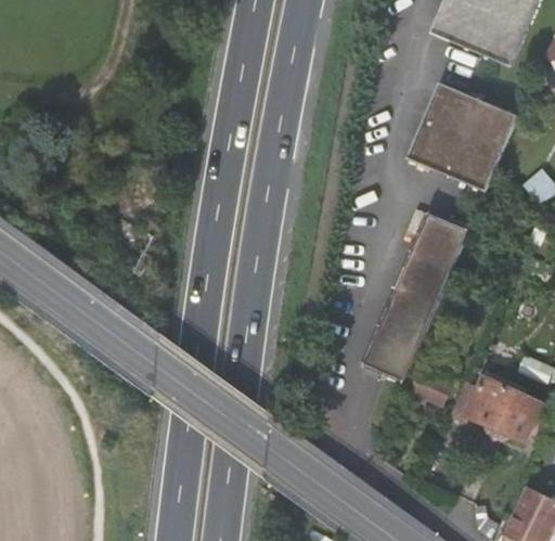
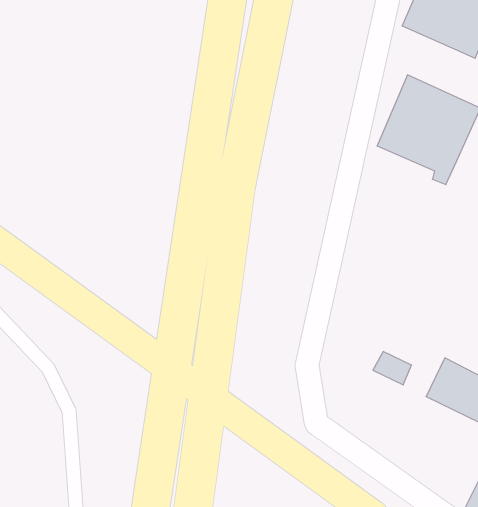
building: [363,210,468,377] -> none

